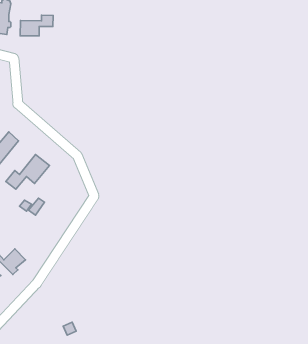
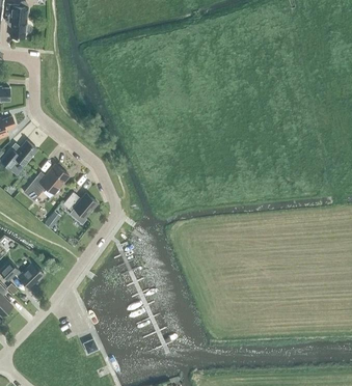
building: [20,15,53,36] -> none
building: none -> [62,192,97,224]

